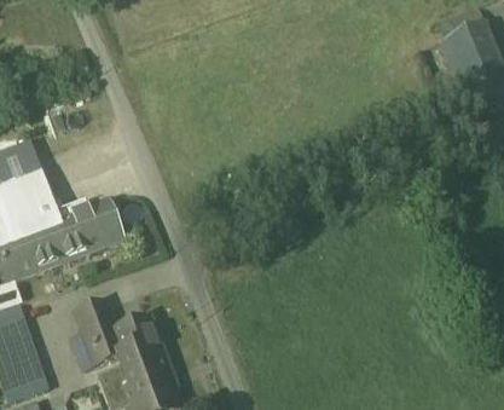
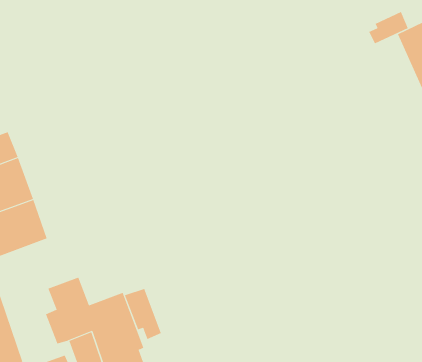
building: none -> [369,11,409,44]
building: [58,195,122,254] -> none
building: none -> [124,288,161,340]

